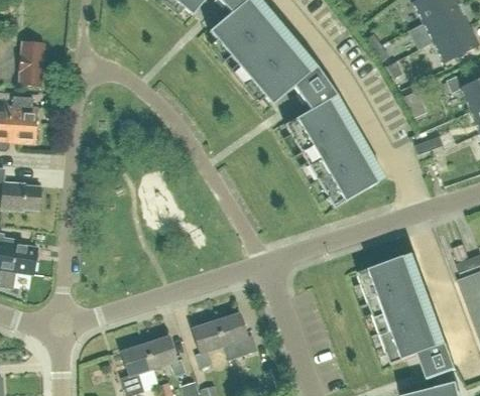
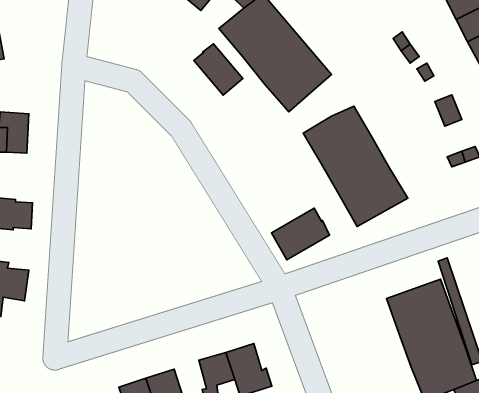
building: [18,40,45,86] -> none
building: none -> [194,44,243,95]
building: [293,67,337,109] -> none
building: none -> [271,208,330,260]

